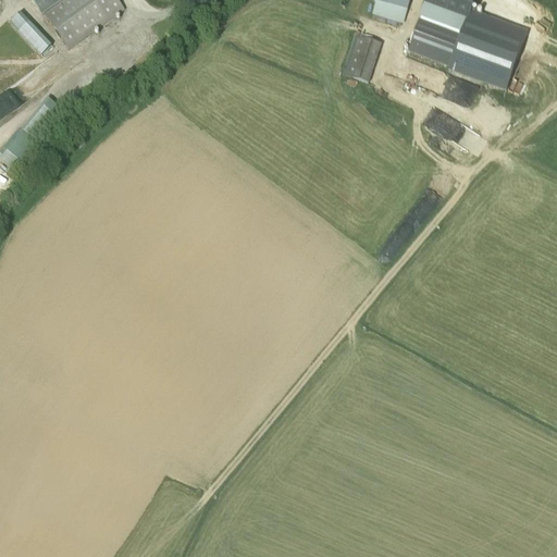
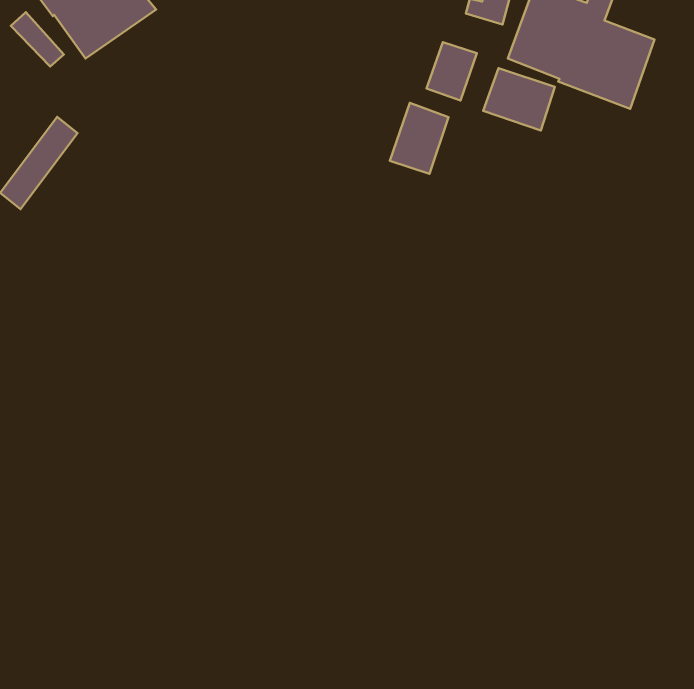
building: none -> [483,68,555,131]
building: none -> [390,103,448,174]

